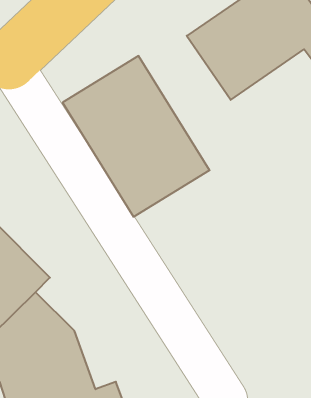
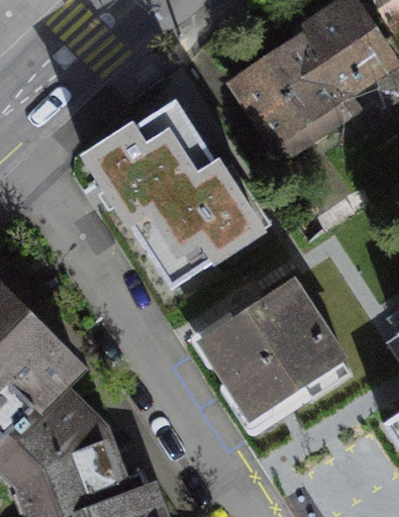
building: none -> [203,278,348,407]

